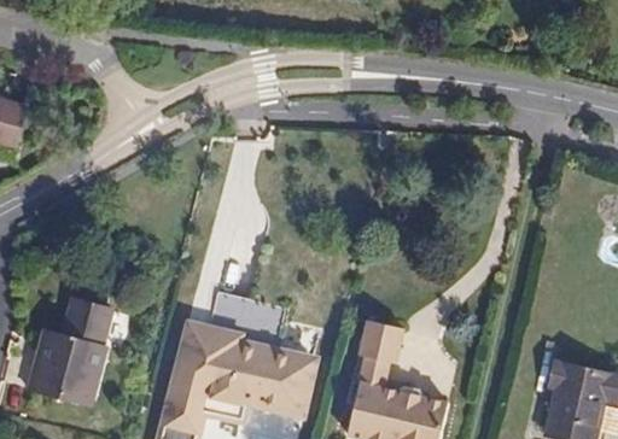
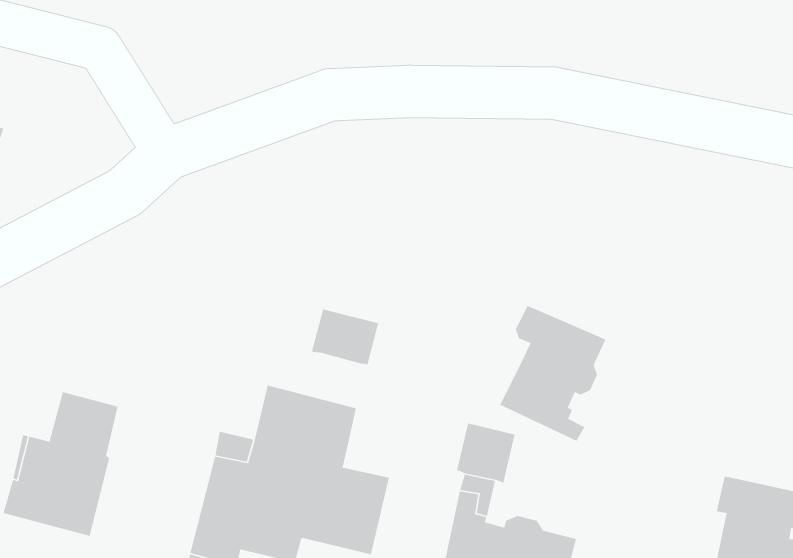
building: none -> [499,305,607,442]
building: none -> [311,308,379,365]

